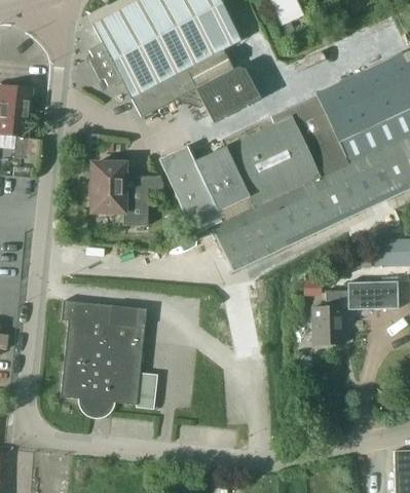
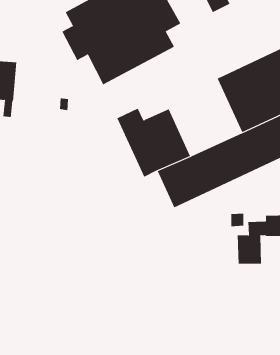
building: [181,68,258,123] -> none
building: [222,108,319,206] -> none
building: [92,162,163,224] -> none
building: [61,298,154,411] -> none

